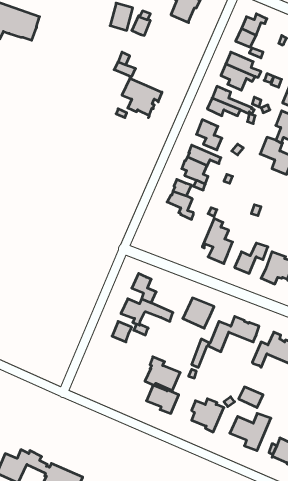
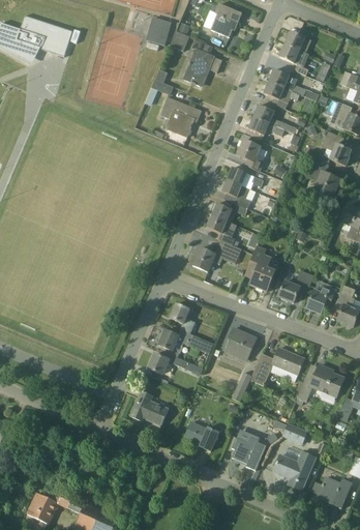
building: none -> [183,38,222,87]
building: none -> [192,240,242,271]
building: [145,357,180,390] -> [132,390,170,425]

